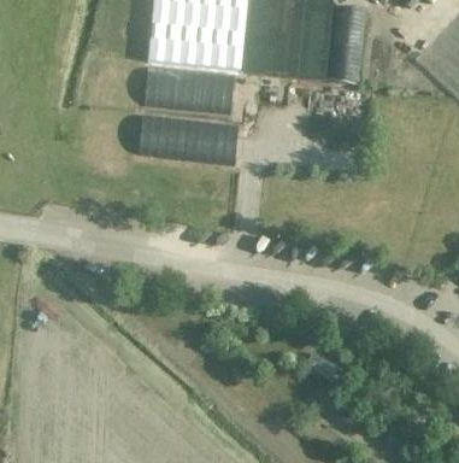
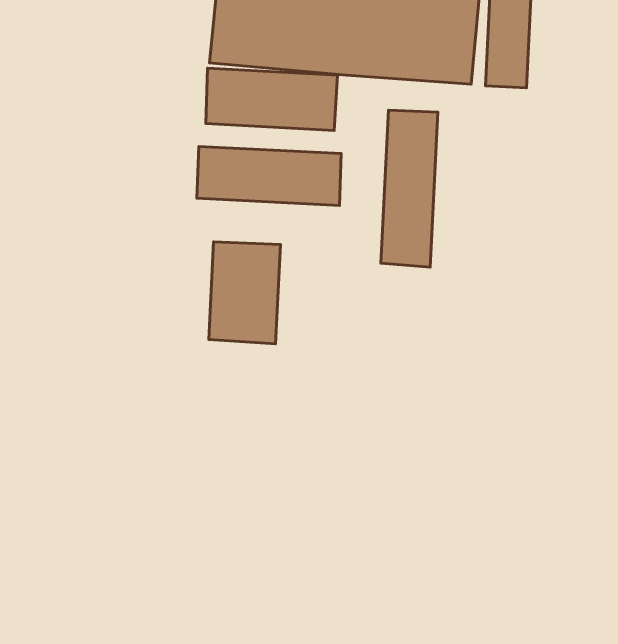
building: none -> [381,110,438,267]
building: none -> [209,242,281,344]

